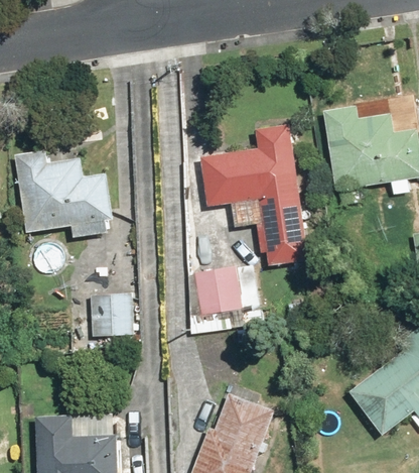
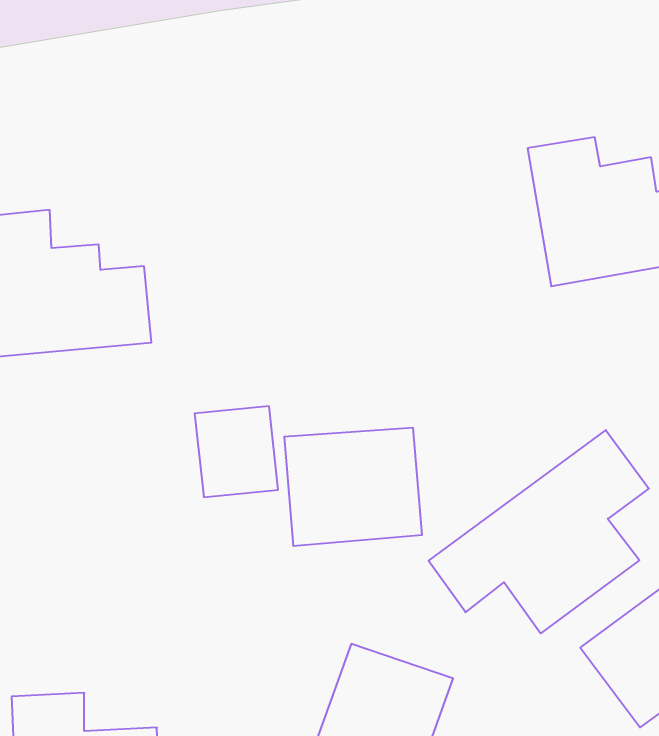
building: [202,129,312,263] -> none
building: none -> [429,430,649,633]
building: [89,289,135,340] -> [195,406,278,497]

